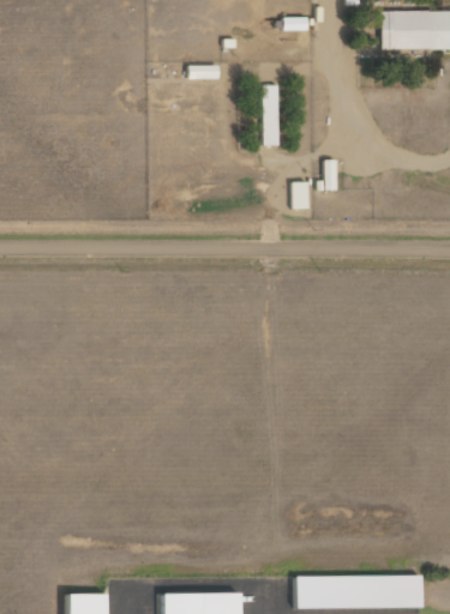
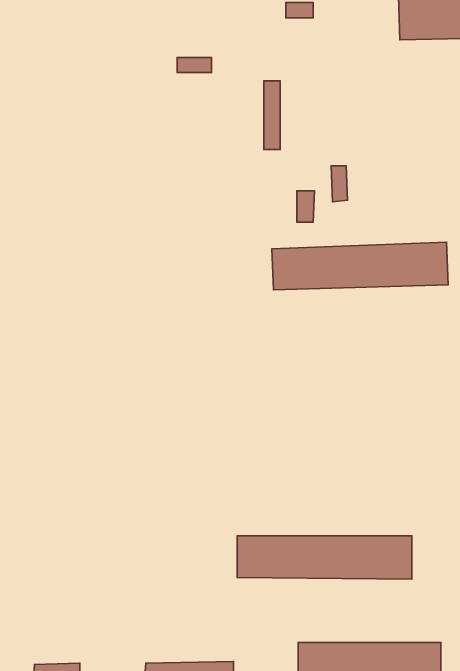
building: none -> [272,242,448,290]
building: none -> [237,536,412,579]

